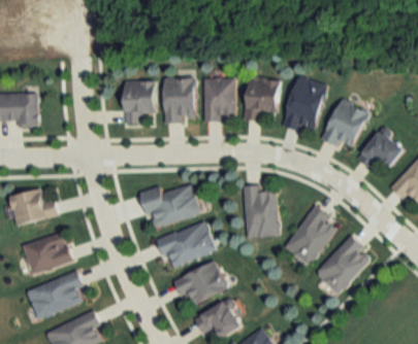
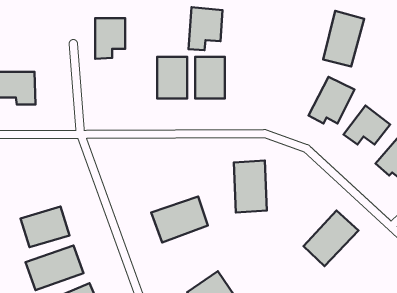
building: [284,75,326,133] -> [323,11,364,67]
building: [245,76,280,121] -> [189,7,222,50]
building: [125,80,156,123] -> [95,18,125,59]
building: [141,184,200,228] -> none
building: [8,188,58,226] -> none
building: [283,204,335,266] -> none
building: [173,262,227,305] -> none

